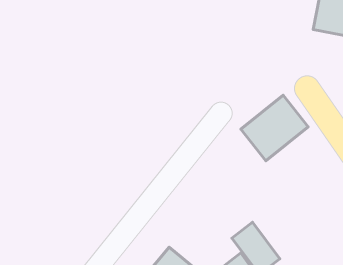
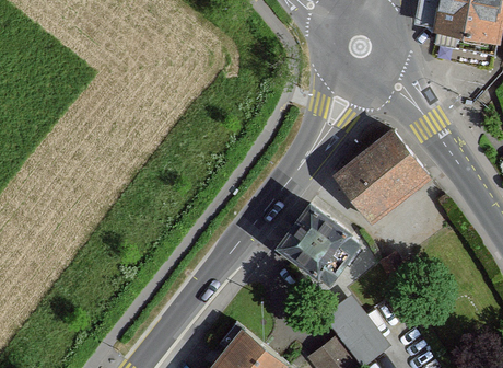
building: none -> [274,199,360,284]

